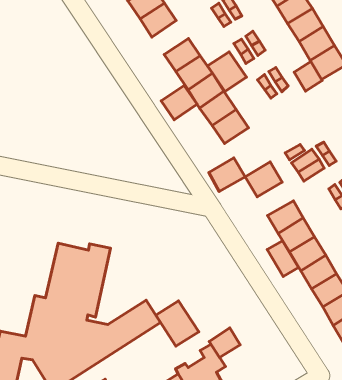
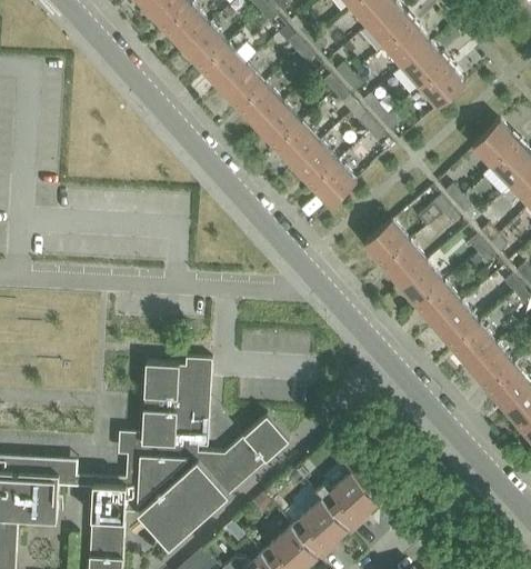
building: none -> [220,66,265,110]
building: [208,52,246,91] -> none
building: [294,61,322,91] -> none
building: [161,85,197,120] -> none
building: [209,158,245,191] -> [382,243,428,288]
building: [267,241,299,277] -> none
building: [156,301,199,346] -> none
building: [209,328,240,357] -> none

